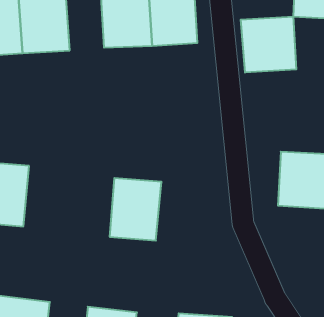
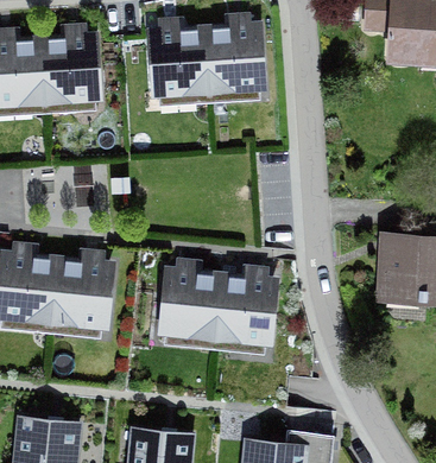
building: [241,16,296,73] -> none
building: none -> [50,250,116,334]
building: none -> [216,271,282,350]

